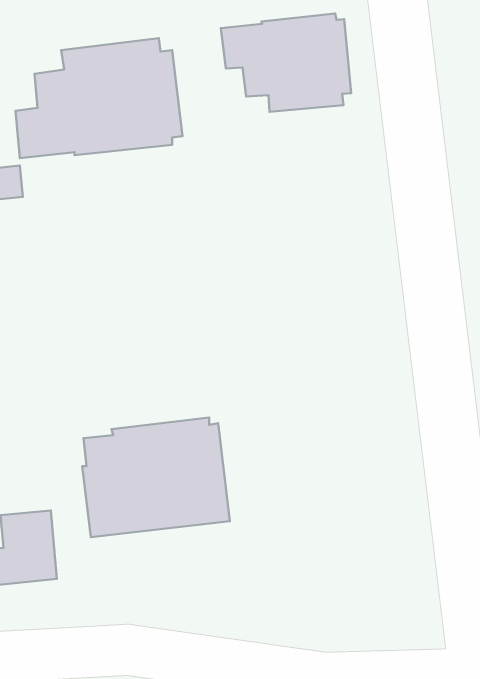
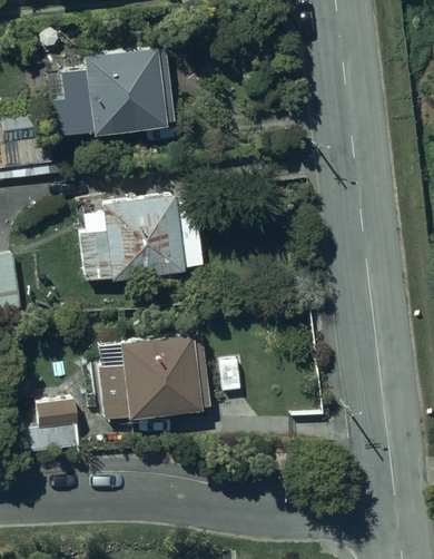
building: [221,14,351,112] -> none
building: none -> [80,193,204,281]

